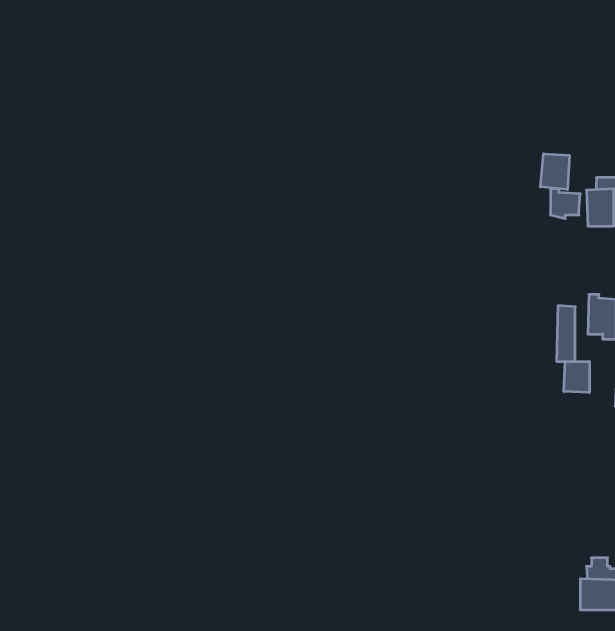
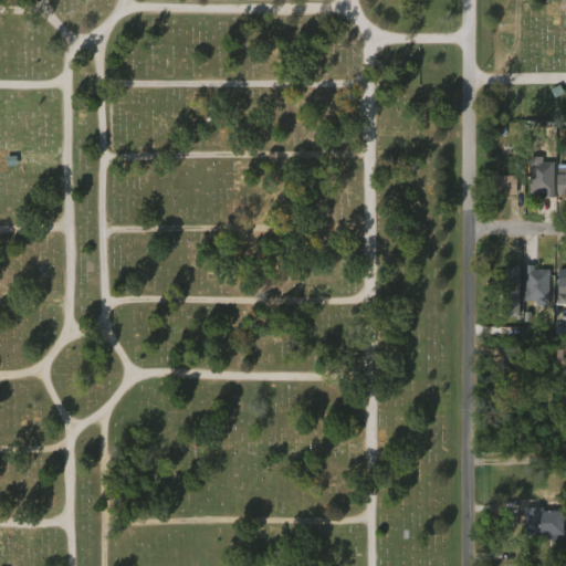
building: [540,154,569,190] -> none
building: [564,361,589,393] -> none

